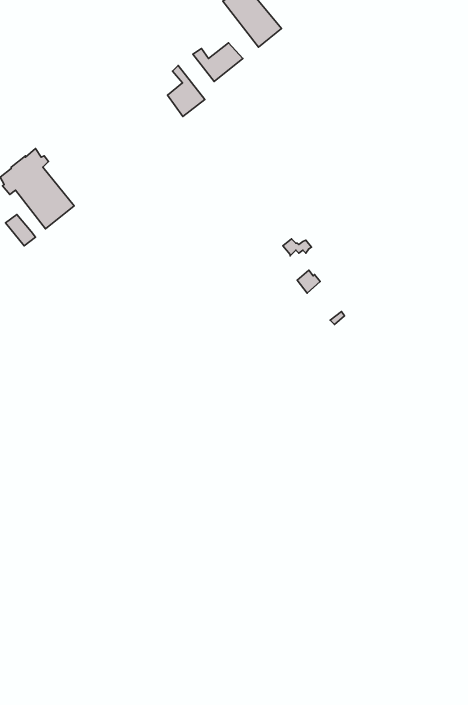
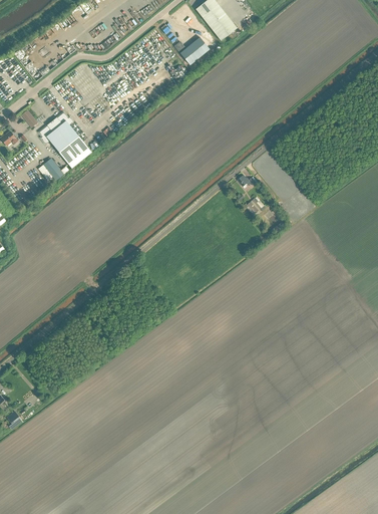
building: [167,66,205,117] -> none

